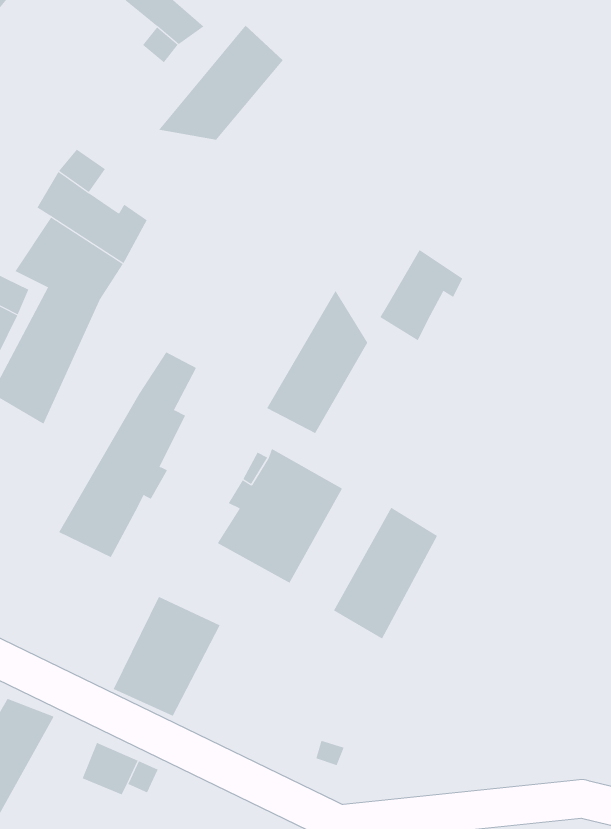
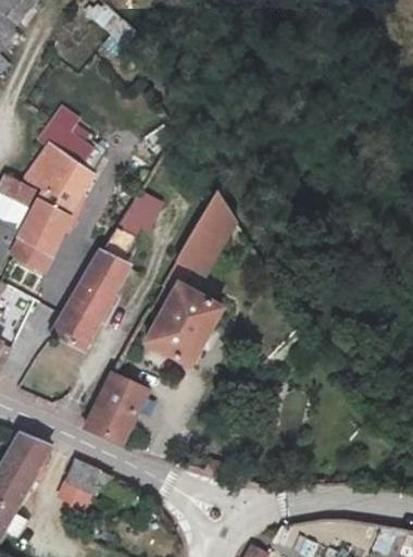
building: [158,25,284,141] -> none
building: [379,249,463,341] -> none
building: none -> [117,188,163,238]
building: [333,507,438,640] -> none

